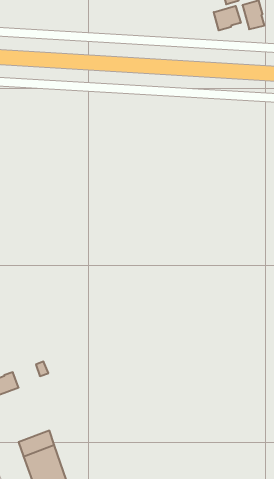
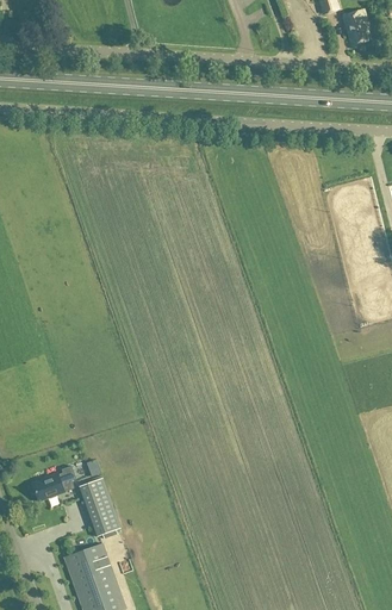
building: [214,6,241,30] -> none
building: none -> [77,477,119,535]

